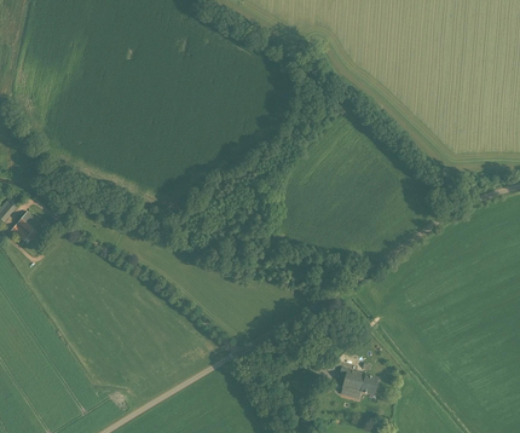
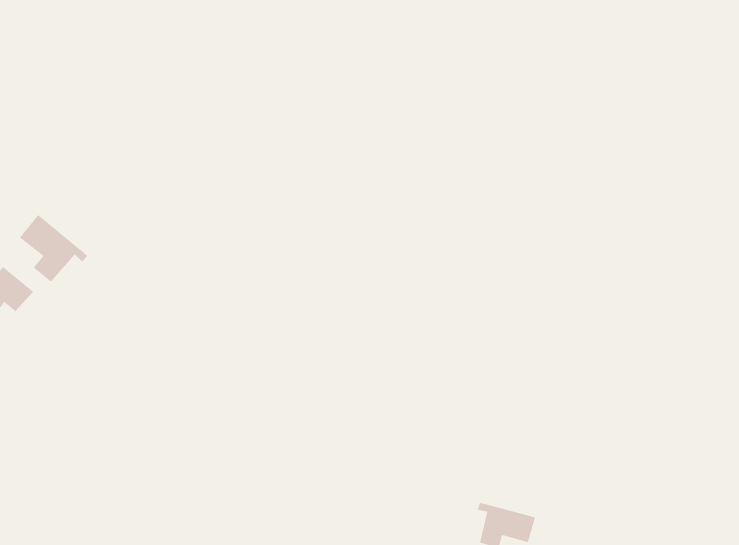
building: none -> [19,214,88,283]

